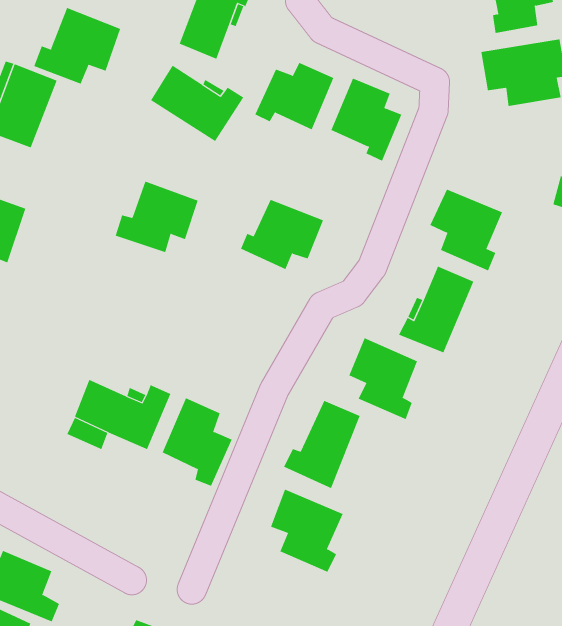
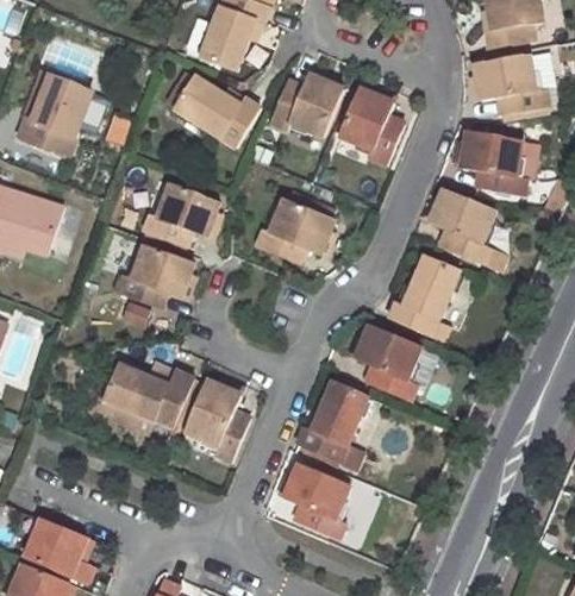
building: [34,7,121,84] -> none
building: none -> [461,131,525,195]
building: none -> [117,244,192,308]

